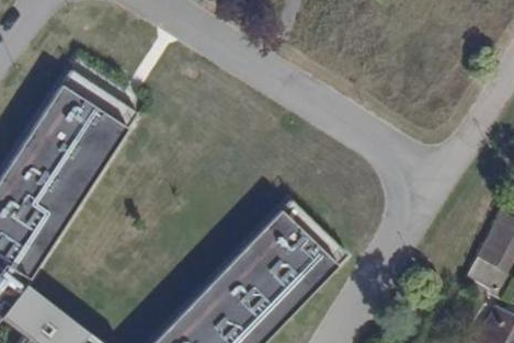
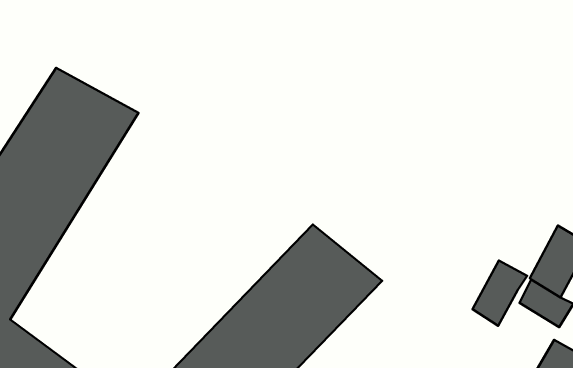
building: none -> [472,260,527,326]

